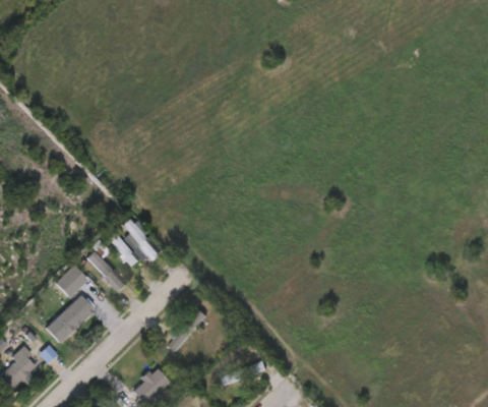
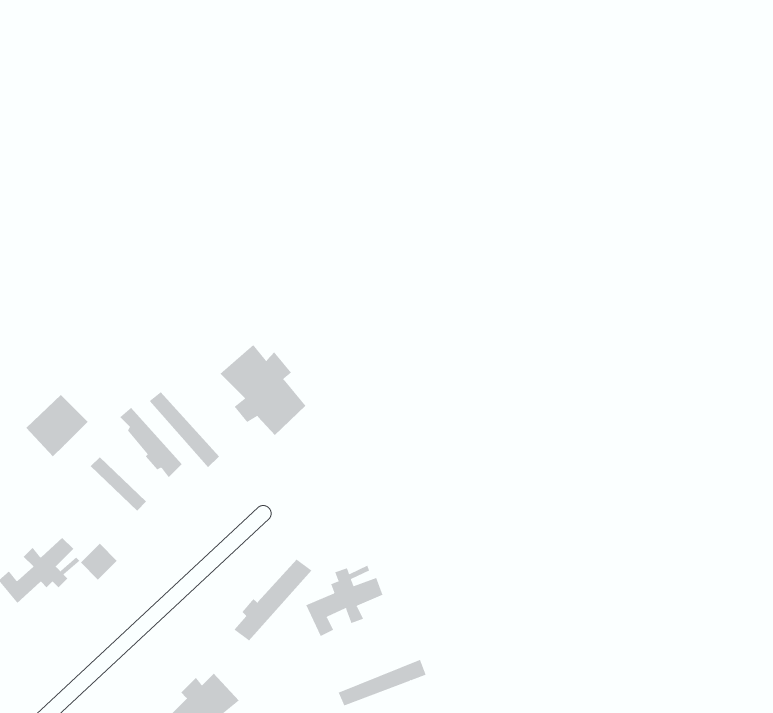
building: none -> [220,344,306,436]
building: [54,266,86,298] -> [25,394,88,457]
building: none -> [306,565,383,637]

